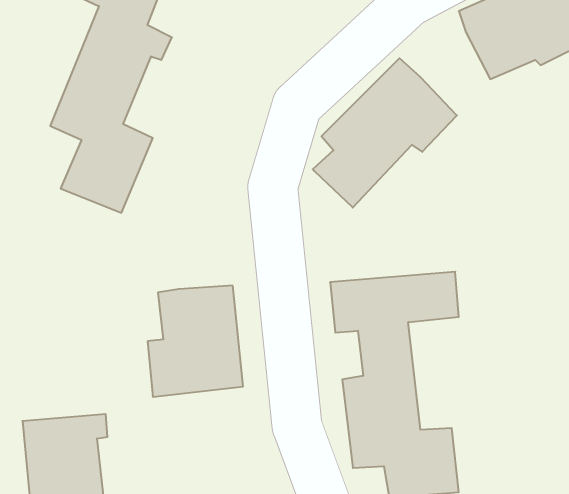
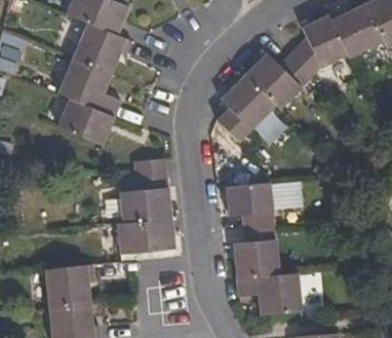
building: none -> [279,38,320,87]
building: none -> [134,158,168,190]

